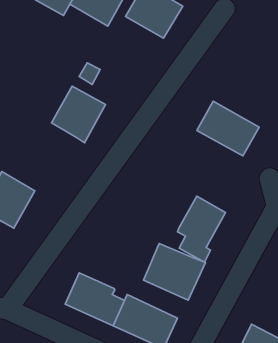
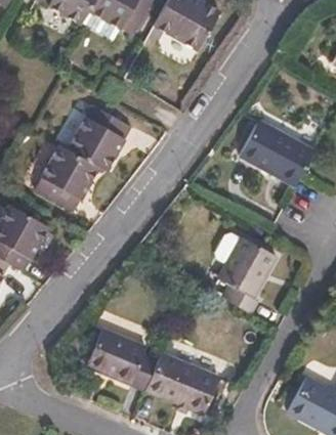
building: none -> [35,144,97,210]
building: [144,243,205,300] -> none

